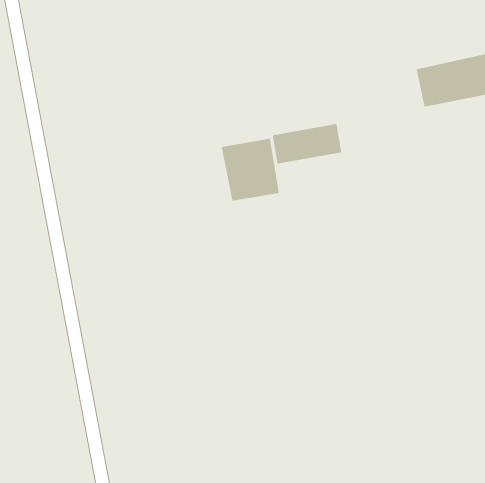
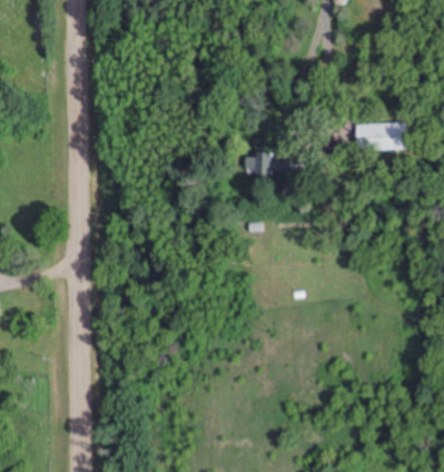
building: [221,138,279,202] -> none

